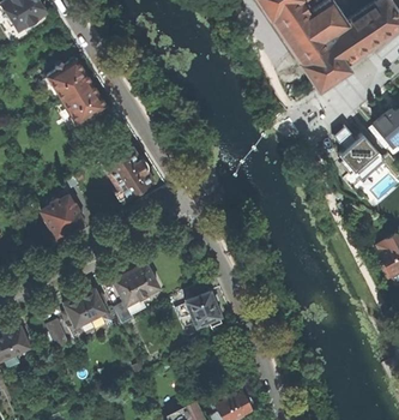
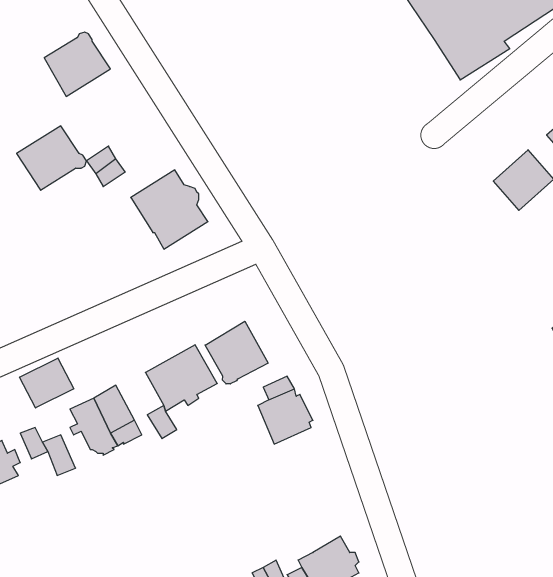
building: [61,82,107,124] -> [17,126,87,190]
building: [41,196,83,236] -> none
building: none -> [205,321,268,384]
building: none -> [20,358,74,408]

